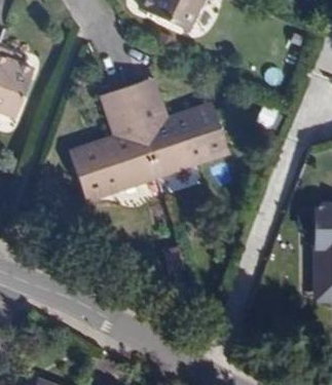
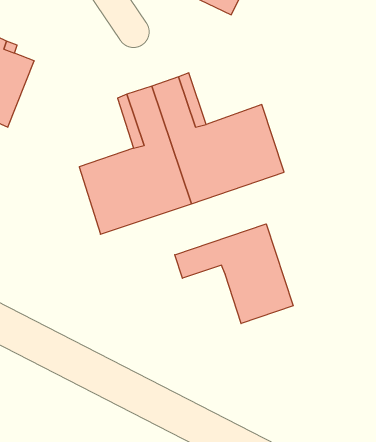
building: none -> [175,224,293,324]

